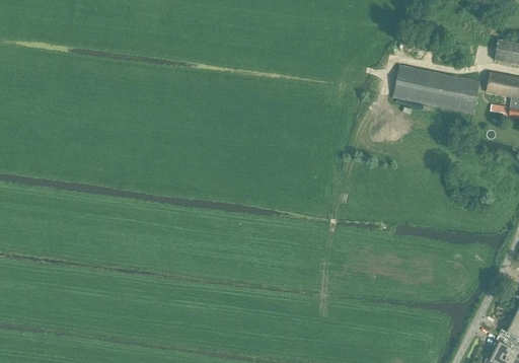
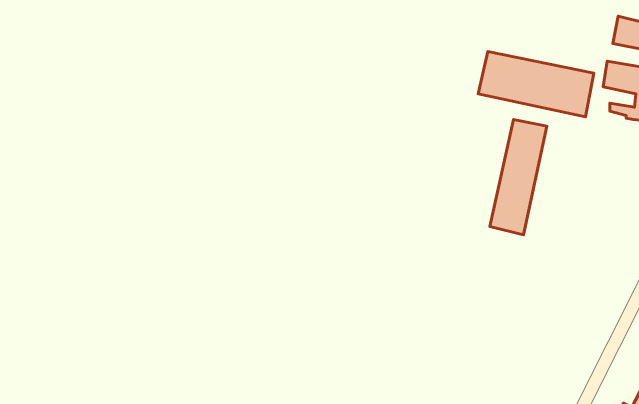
building: none -> [490,120,547,235]

